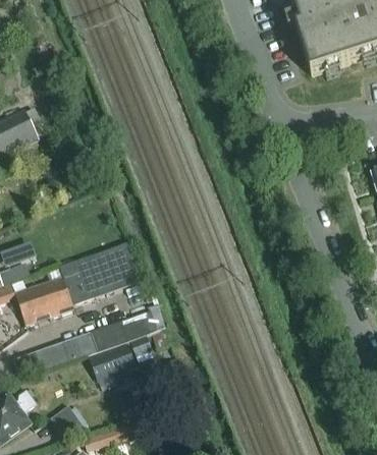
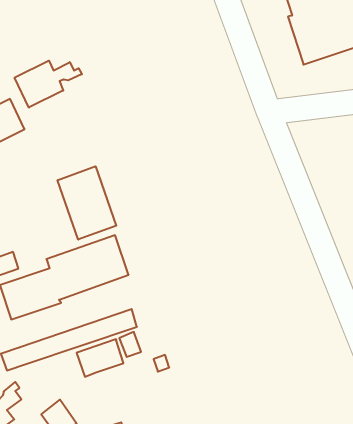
building: none -> [15,61,82,108]
building: none -> [58,166,116,240]

